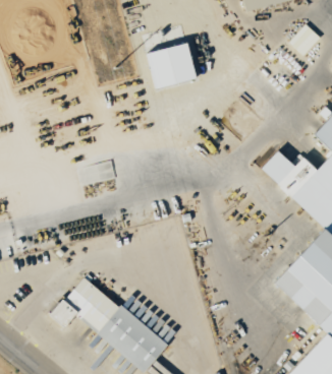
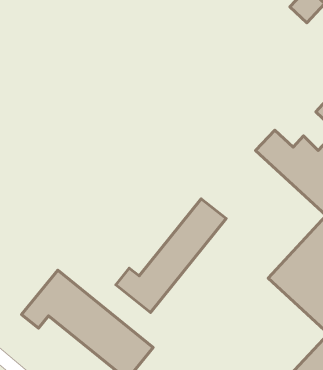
building: [148,43,197,87] -> none
building: none -> [116,199,226,312]

